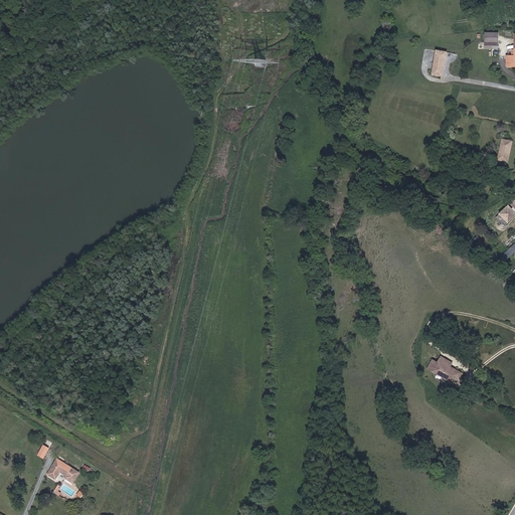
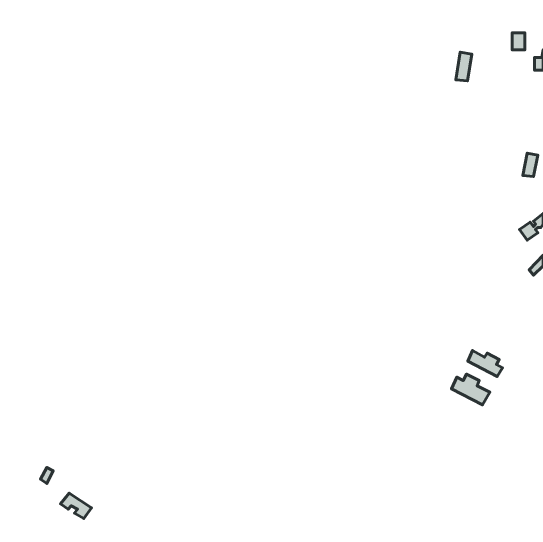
building: none -> [468,351,503,376]

